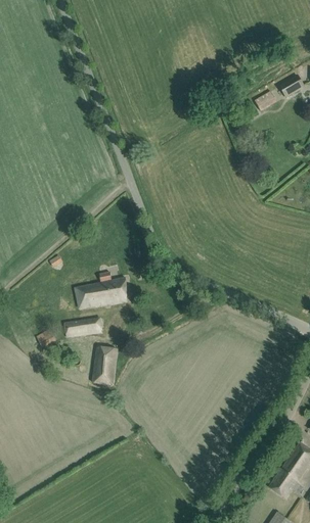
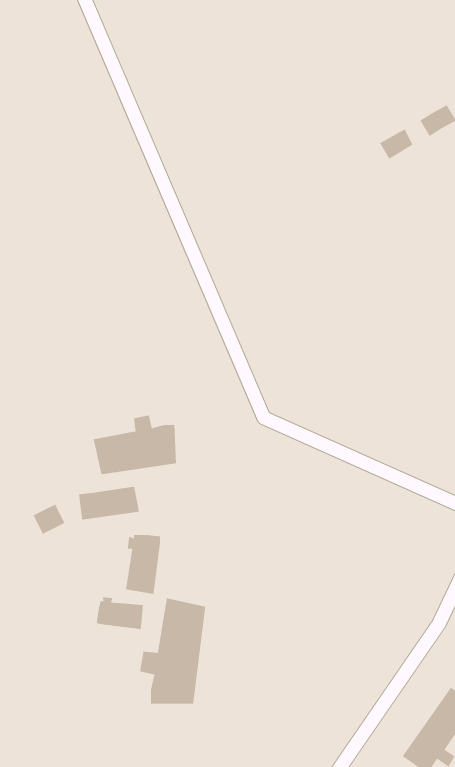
building: none -> [96,596,144,630]
building: none -> [140,598,206,705]

